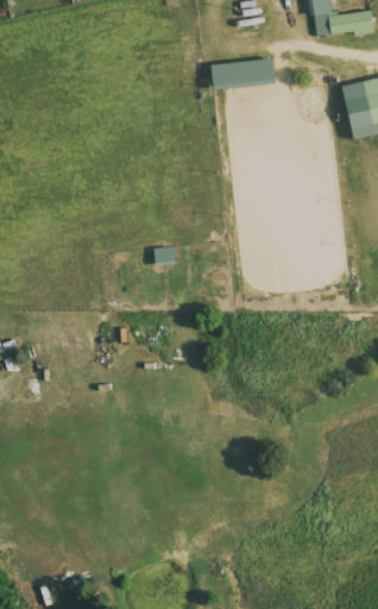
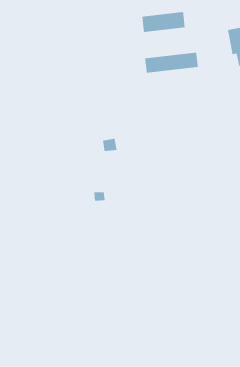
building: none -> [144,52,199,73]

